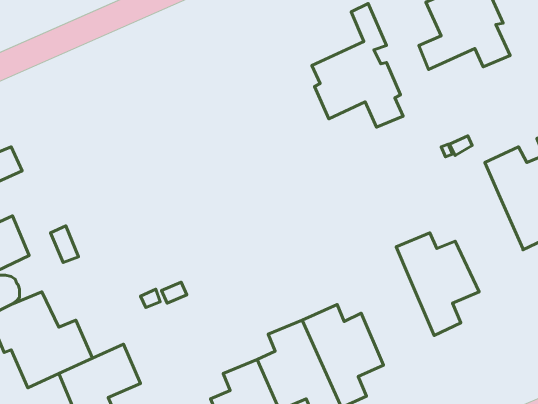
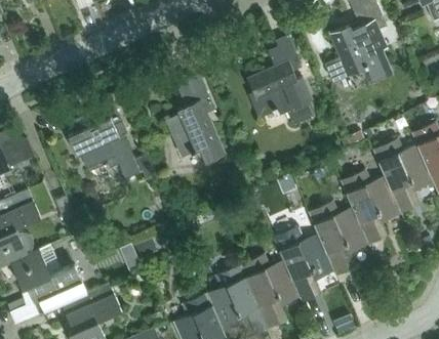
building: none -> [165,74,224,164]
building: none -> [68,103,139,180]
building: none -> [340,170,400,245]
building: none -> [273,227,333,302]

